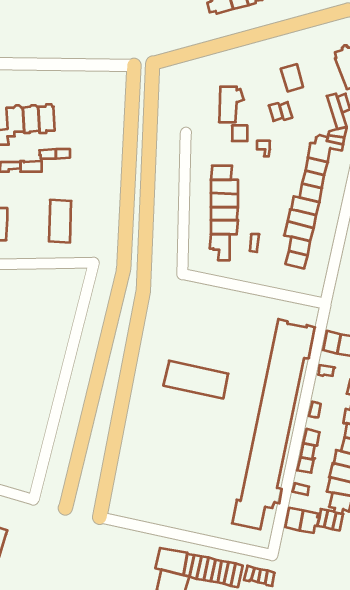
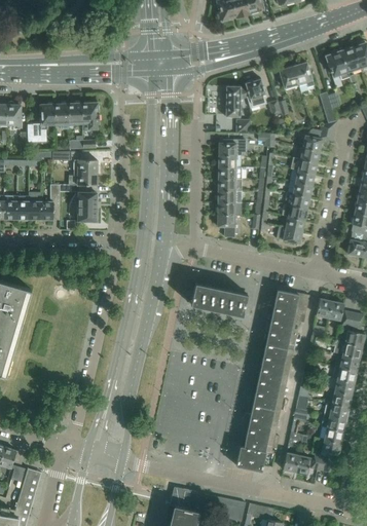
building: none -> [293,62,315,92]
building: none -> [244,78,266,108]
building: none -> [81,102,99,130]
building: none -> [219,139,247,155]
building: none -> [68,159,97,185]
building: none -> [40,184,60,219]
building: [163,361,228,398] -> [190,283,247,315]

